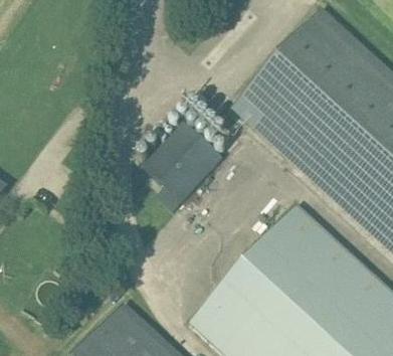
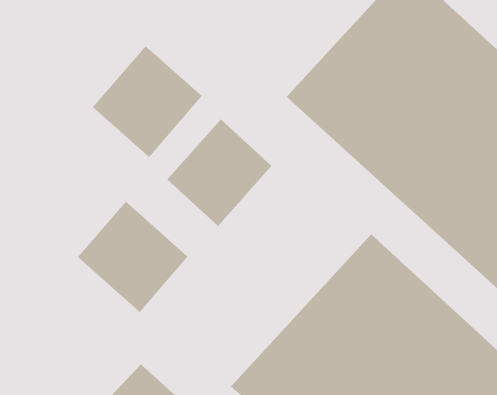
building: none -> [92,45,202,158]
building: none -> [77,201,188,313]

